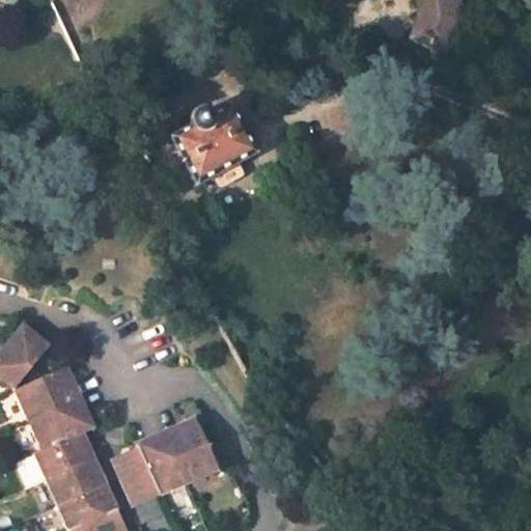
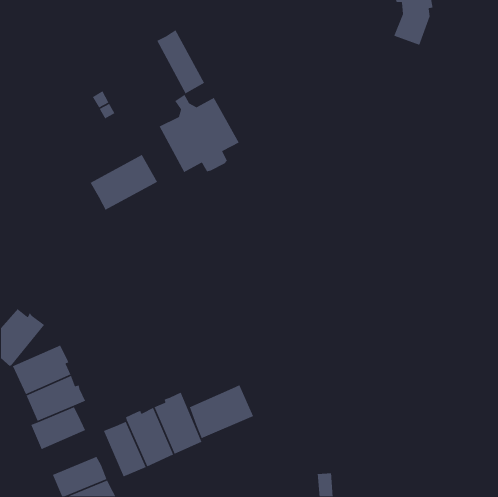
building: none -> [156,29,205,95]
building: none -> [89,154,158,211]
building: none -> [189,384,254,439]
building: [46,456,105,503] -> none

